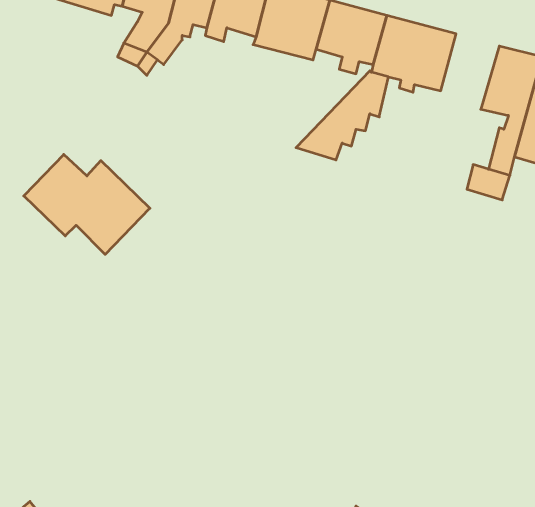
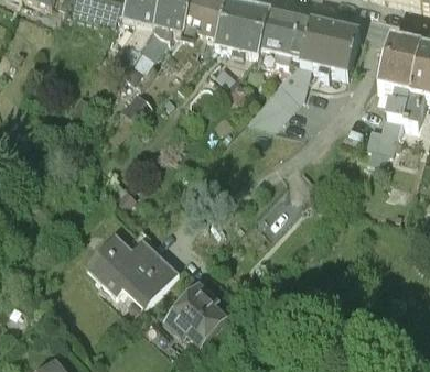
building: [24,154,150,254] -> [86,230,176,302]
building: none -> [164,280,225,341]

